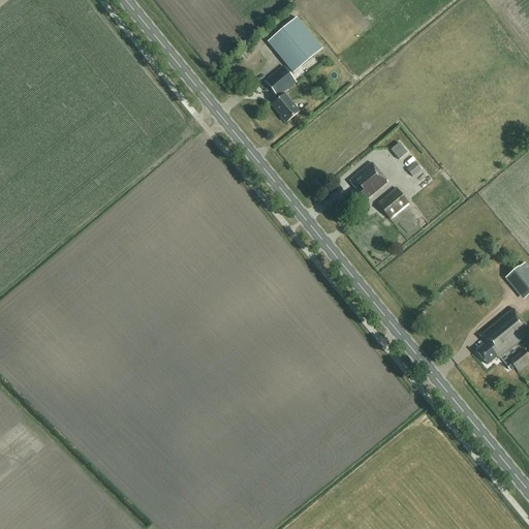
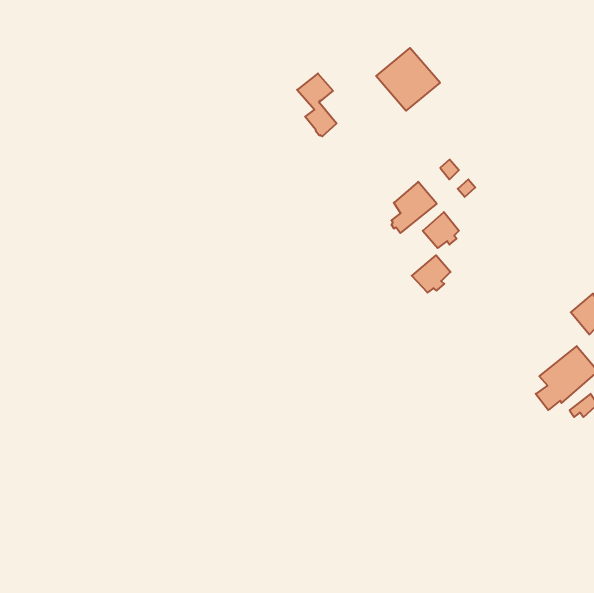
building: [268,17,324,72] -> [376,48,440,111]
building: none -> [412,255,451,293]

